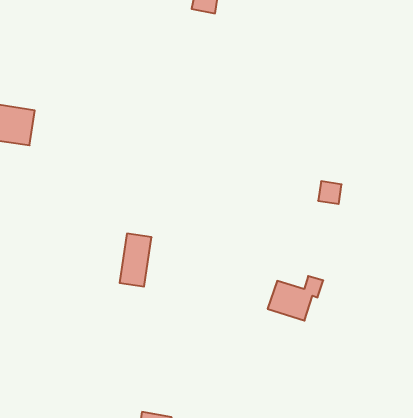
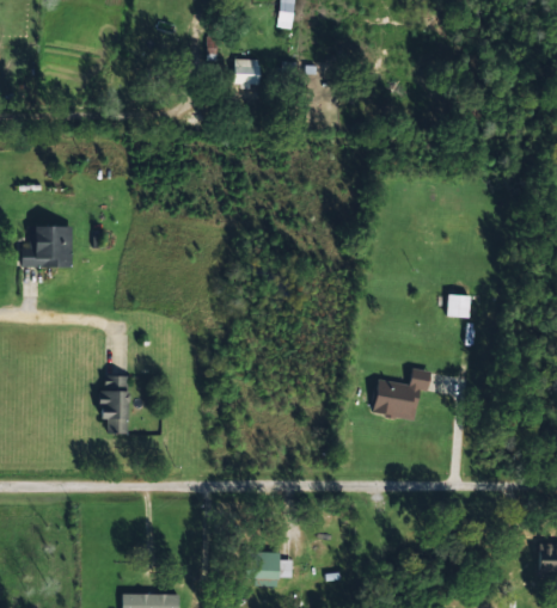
building: [318,181,342,204] -> [448,294,472,317]
building: [120,234,152,287] -> [99,375,128,432]

